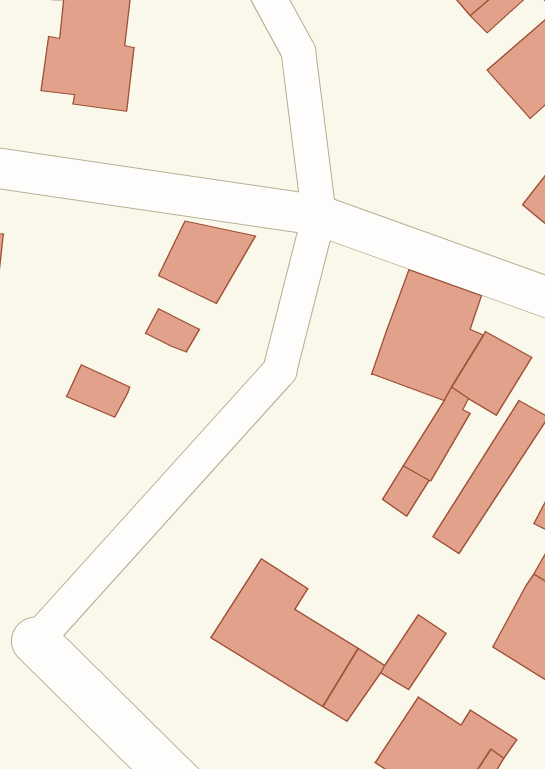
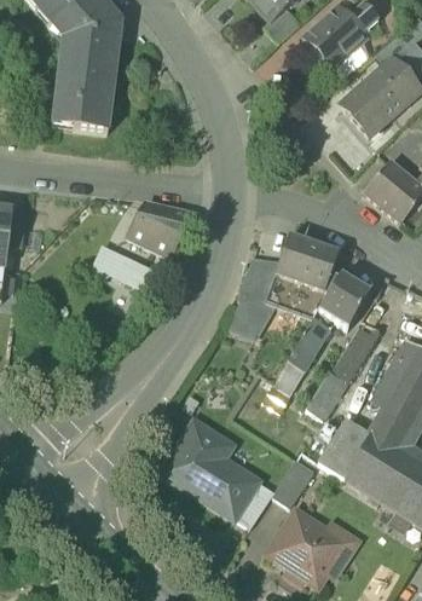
building: none -> [230,264,277,337]
building: [66,365,130,417] -> [89,241,131,275]
building: none -> [319,422,368,478]

